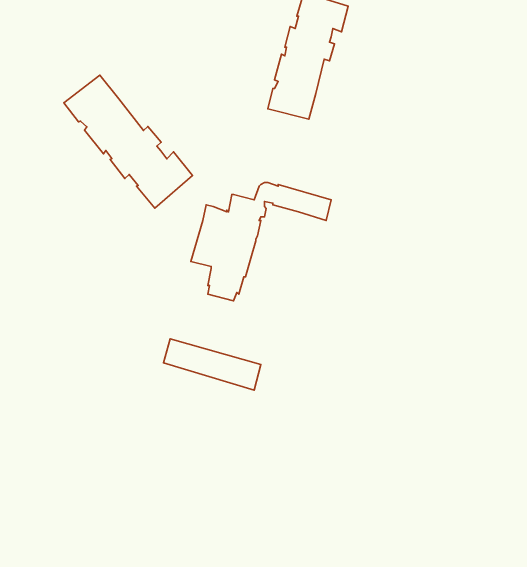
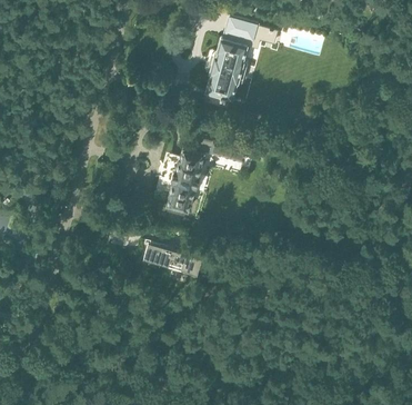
building: [64,75,193,208] -> none

